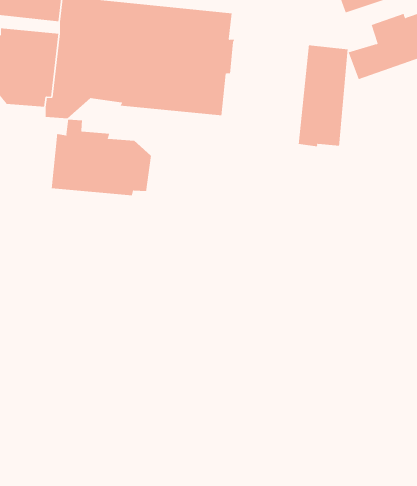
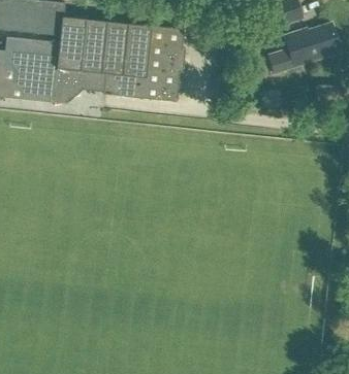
building: [298,45,348,147] -> none
building: [51,119,151,196] -> none

